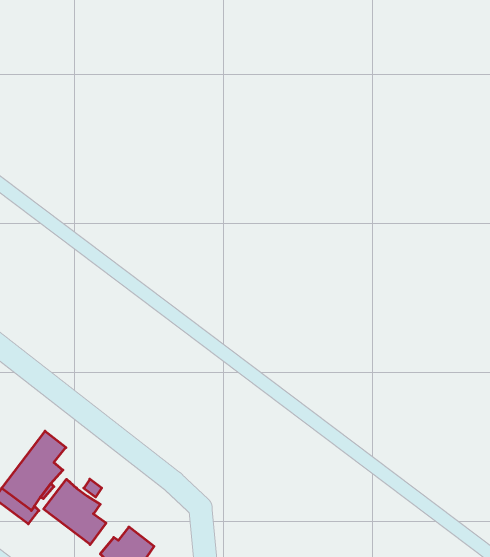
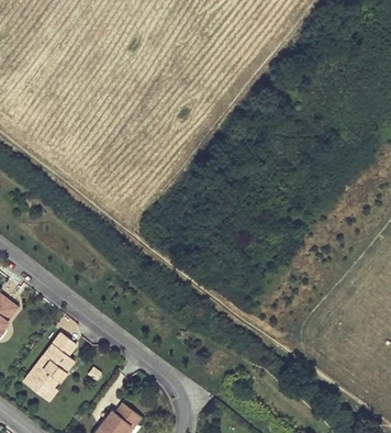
building: [44,479,106,545] -> none

